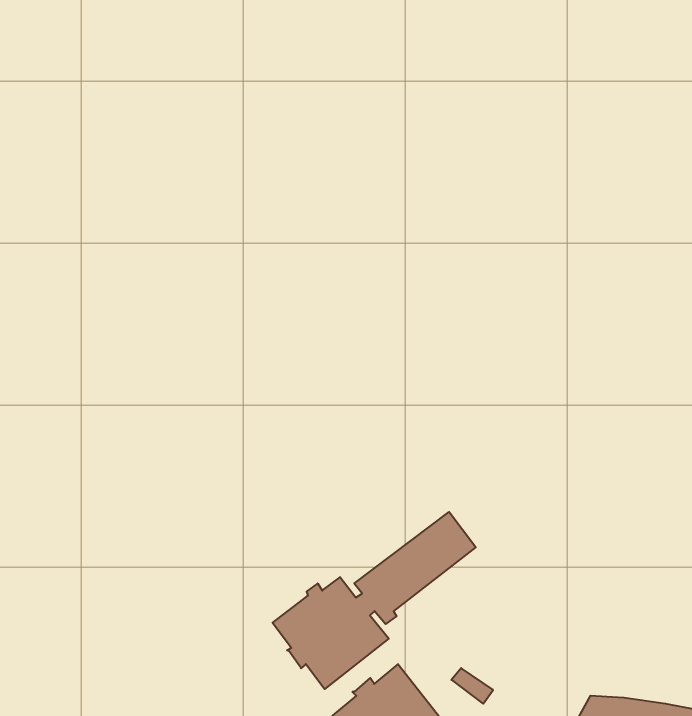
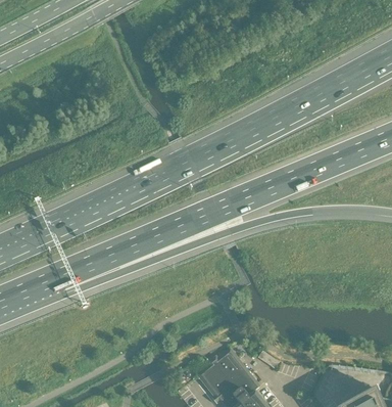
building: [273,512,476,689] -> none

